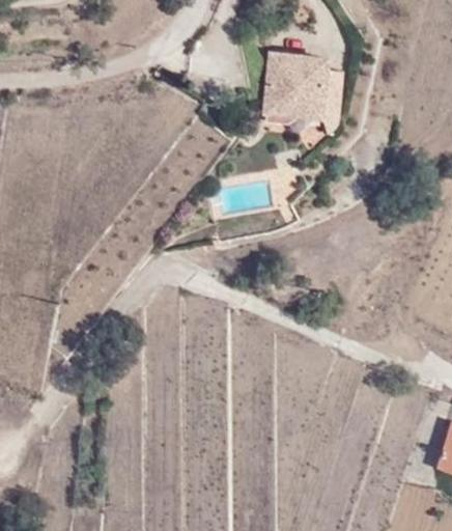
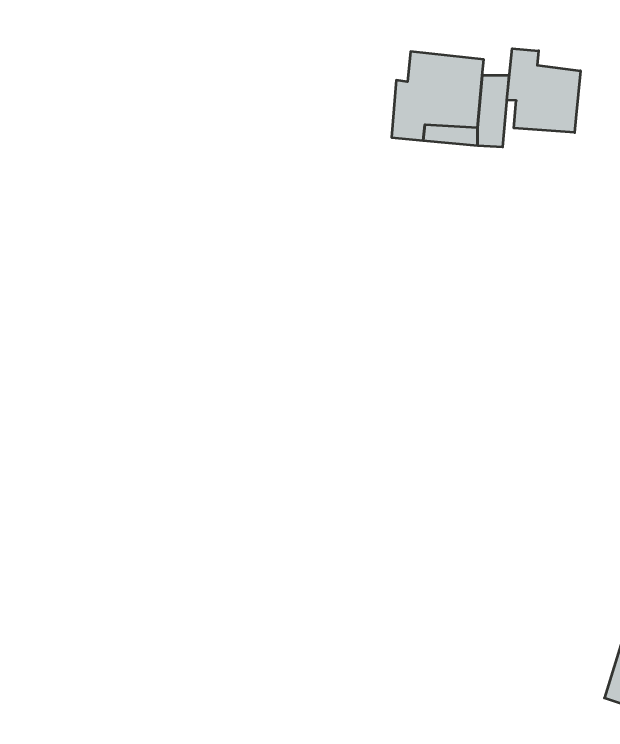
building: none -> [507,49,580,133]

